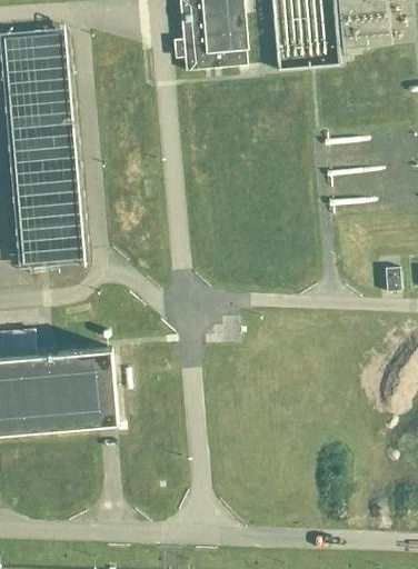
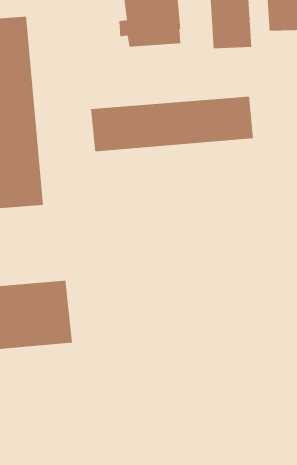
building: none -> [91,96,254,152]

